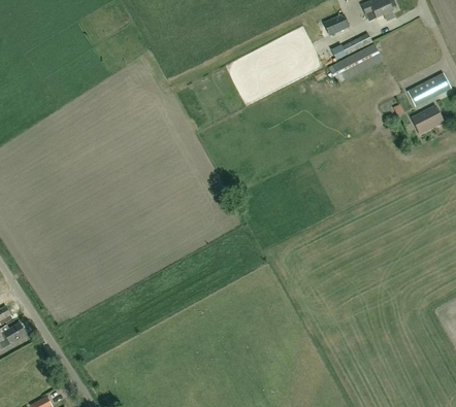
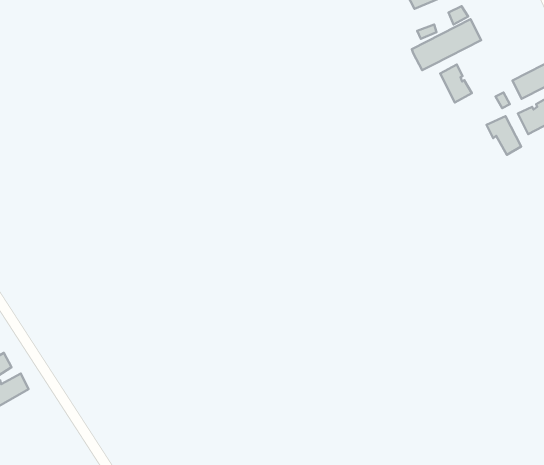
building: none -> [440,65,472,102]
building: none -> [486,116,521,155]

